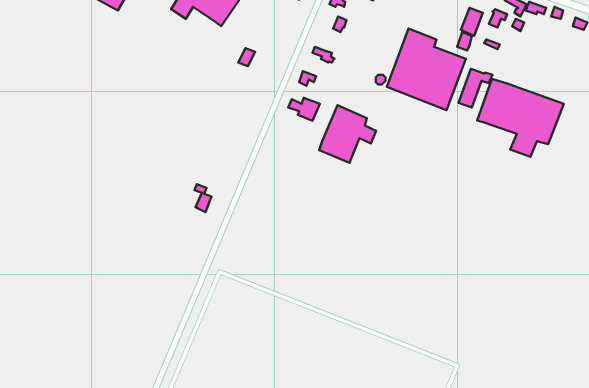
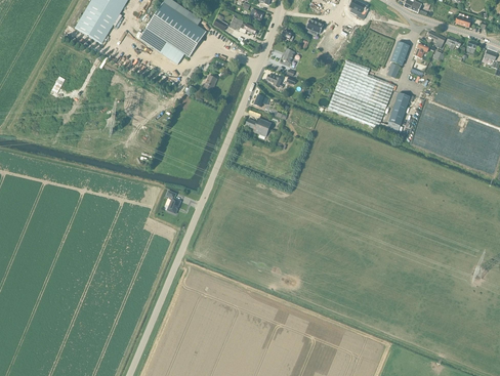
building: [477,79,564,157] -> none
building: [319,105,376,163] -> none

